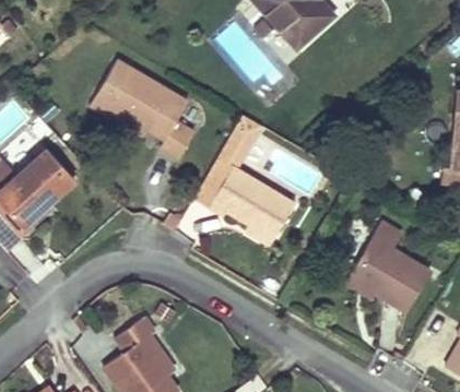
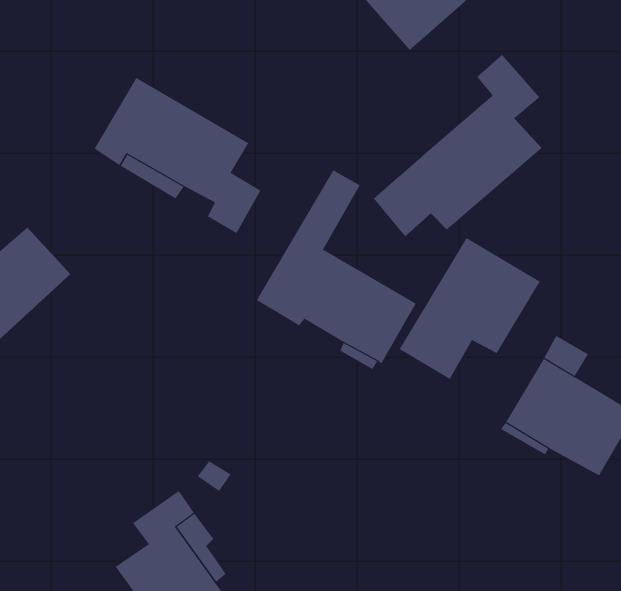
building: none -> [373,54,542,237]
building: none -> [399,237,540,380]

